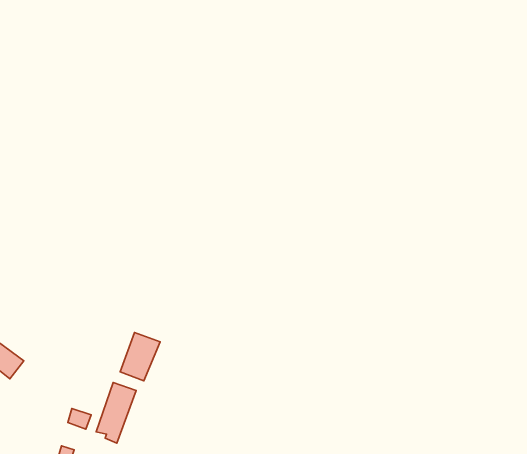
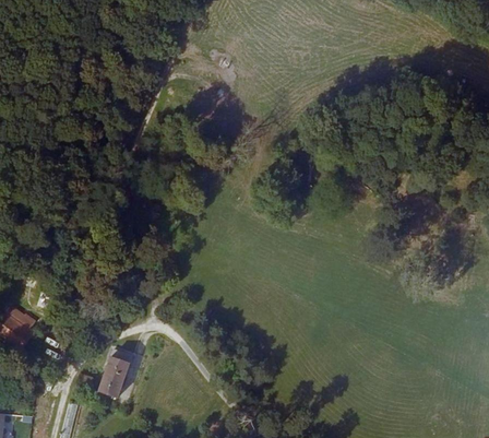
building: [120,332,160,381] -> none

